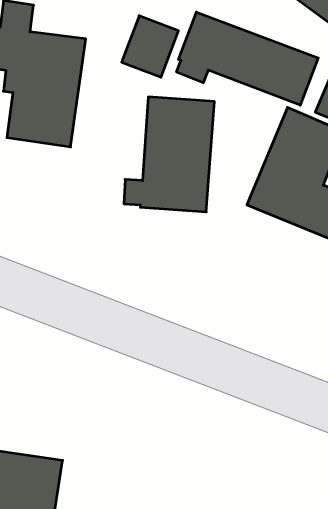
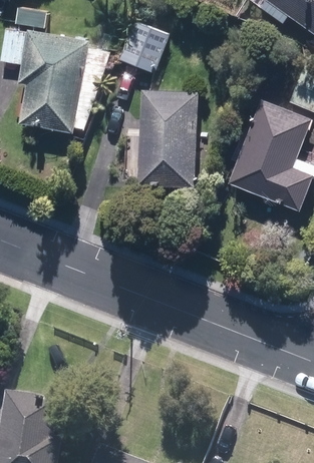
building: [177,12,318,105] -> none

